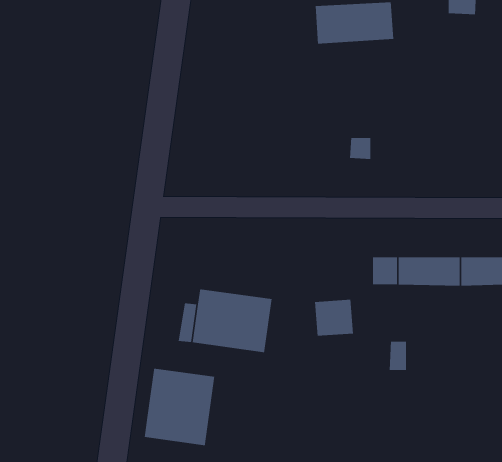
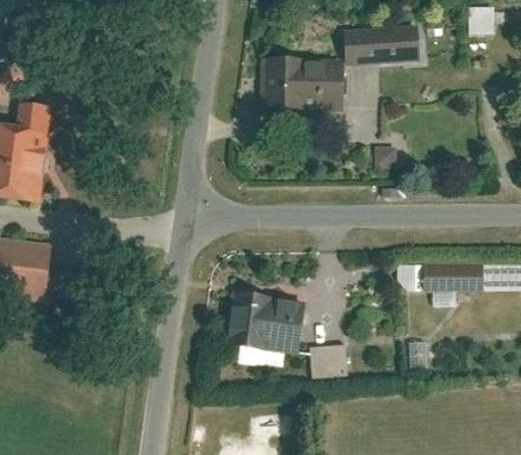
building: none -> [261,58,342,108]
building: [314,299,354,336] -> [308,344,345,379]
building: [144,368,215,446] -> none

